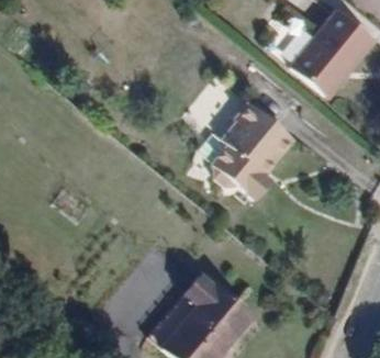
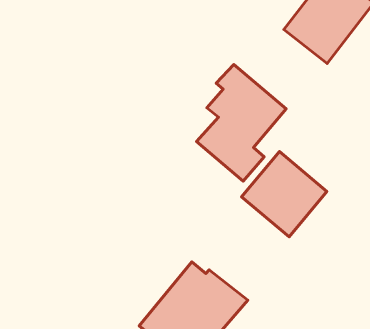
building: none -> [242,152,327,237]

